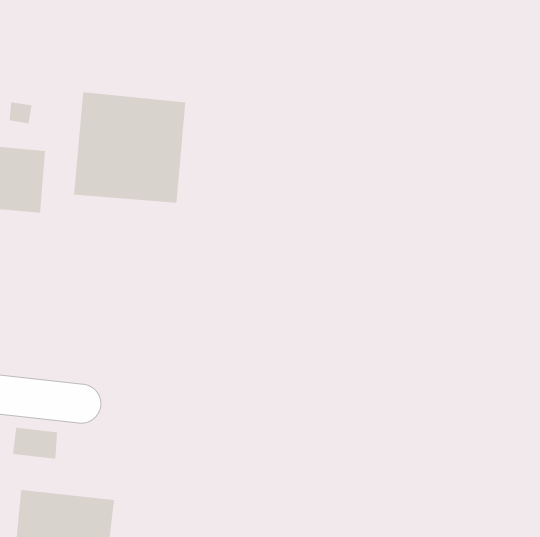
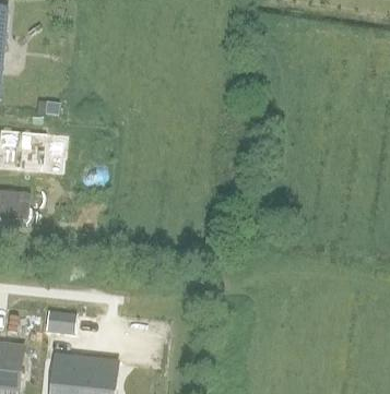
building: [73,92,186,203] -> none

